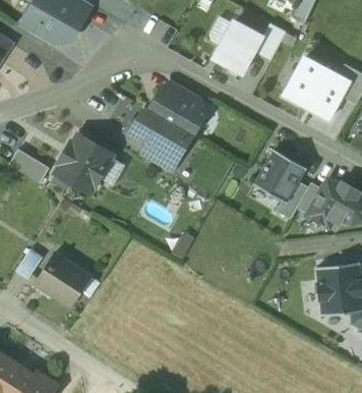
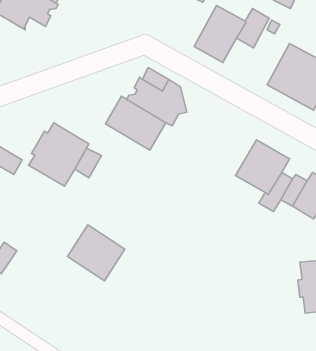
building: [35,252,89,306] -> [68,225,125,281]

